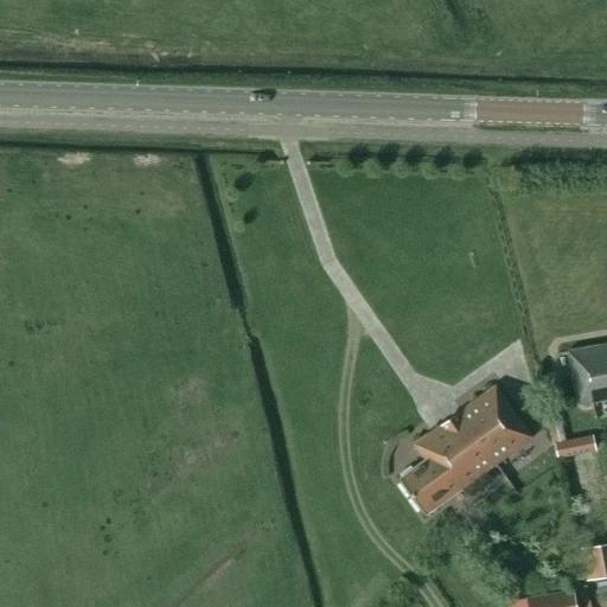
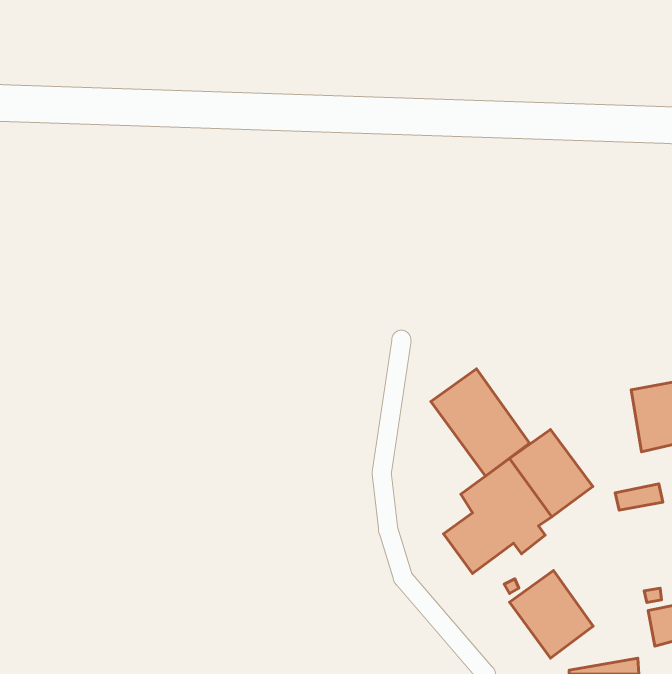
building: none -> [431,369,530,476]
building: none -> [509,570,593,658]

